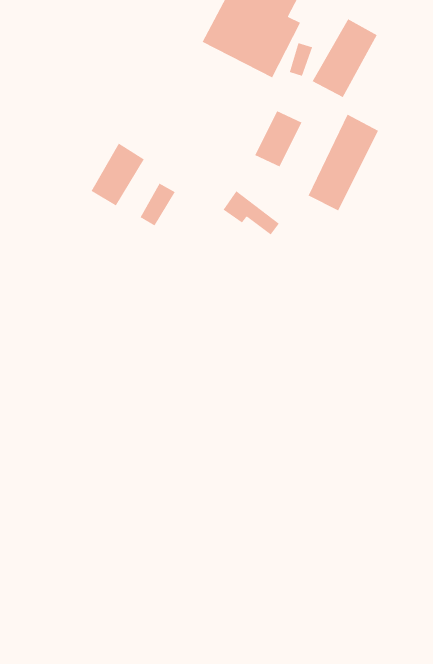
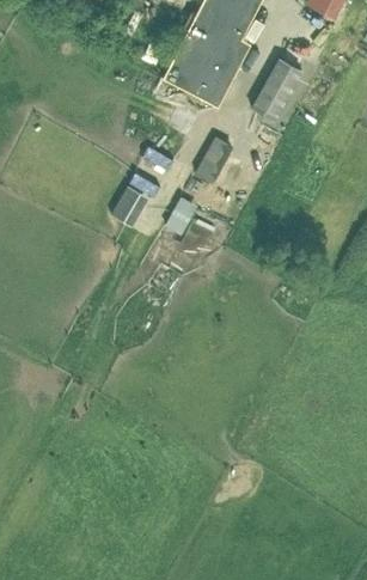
building: [307,114,379,212] -> none
building: [91,143,145,207] -> none

